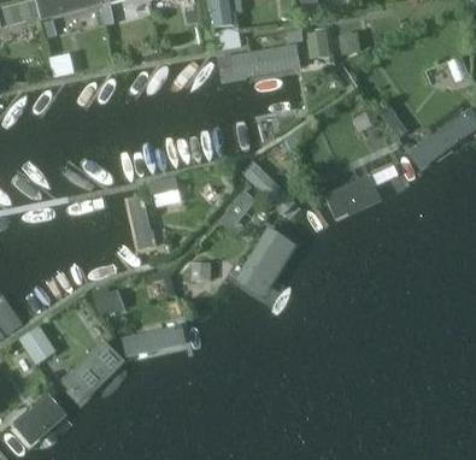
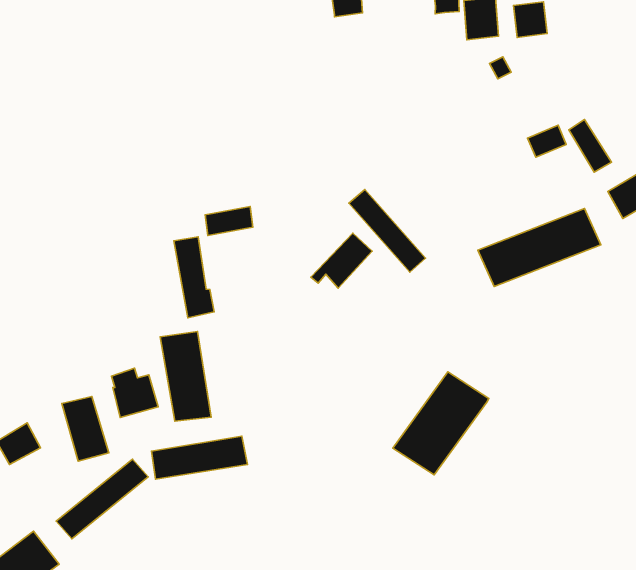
building: [216,48,300,85] -> none
building: [235,229,295,296] -> [393,372,489,475]
building: none -> [160,331,211,421]
building: none -> [62,396,109,461]

